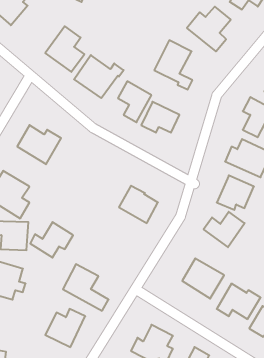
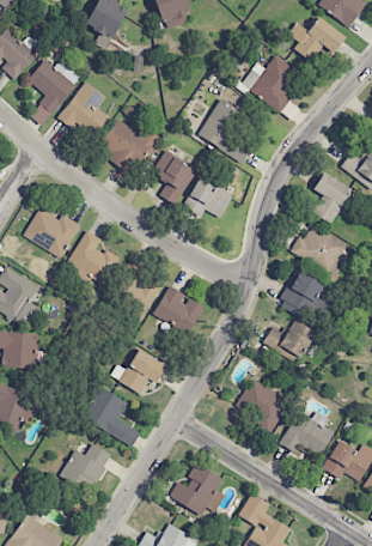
building: none -> [28,59,81,113]
building: none -> [67,230,117,283]
building: [30,222,73,258] -> [110,347,165,393]

